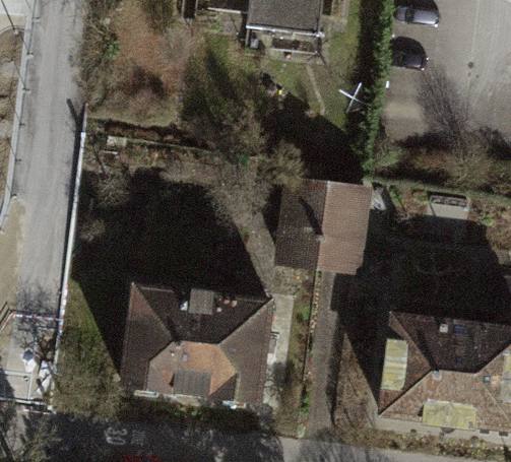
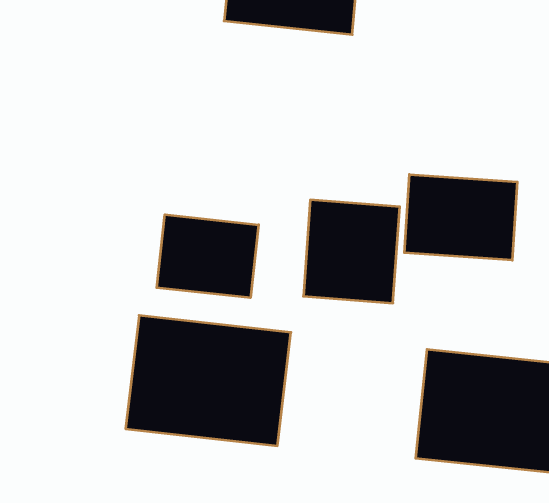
building: none -> [404,174,517,260]
building: none -> [157,215,259,298]

